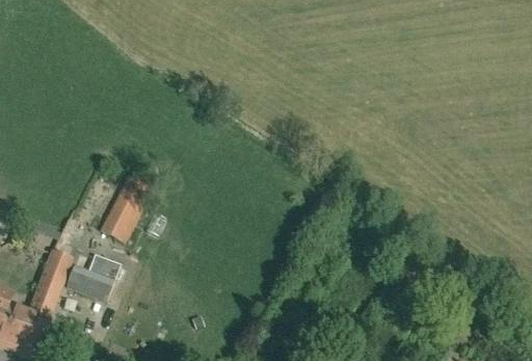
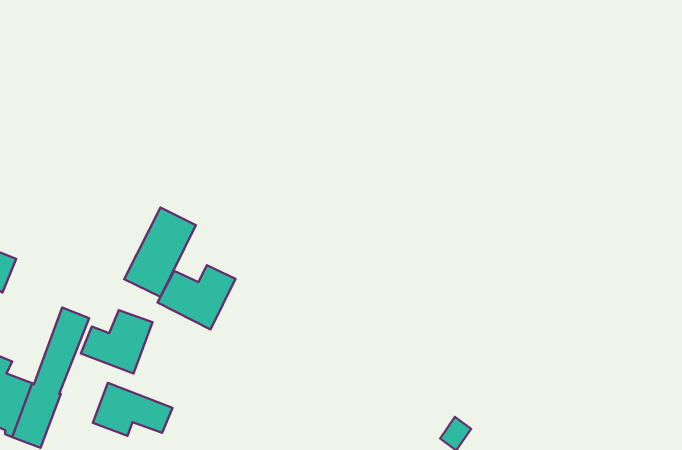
building: none -> [157,265,236,330]
building: none -> [93,383,173,436]

